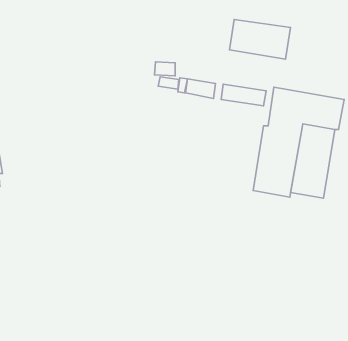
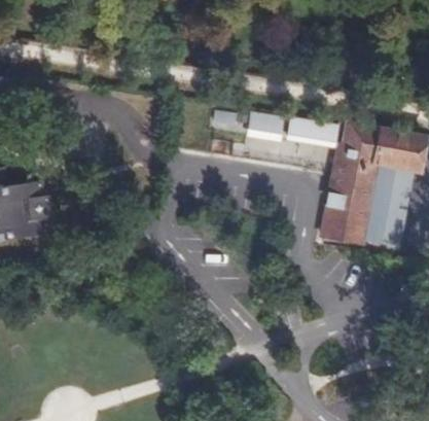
building: [230,20,290,59] -> none

